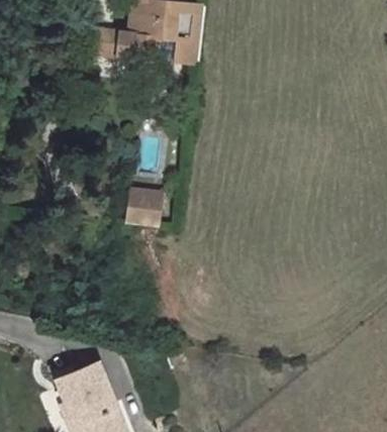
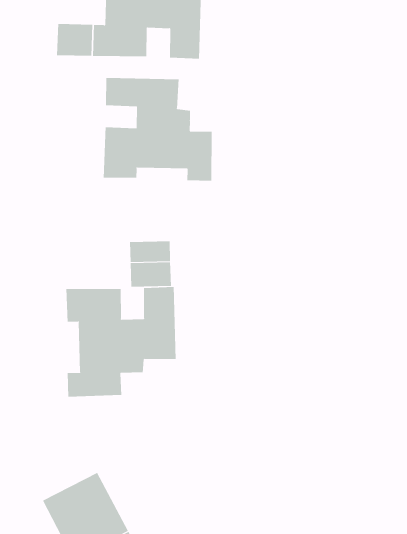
building: none -> [103,77,212,182]
building: none -> [66,286,176,397]

